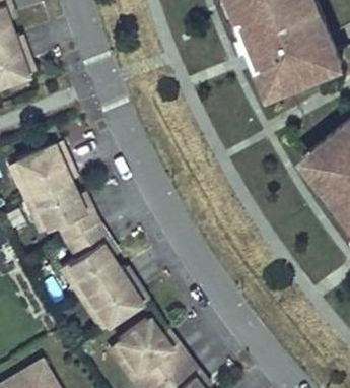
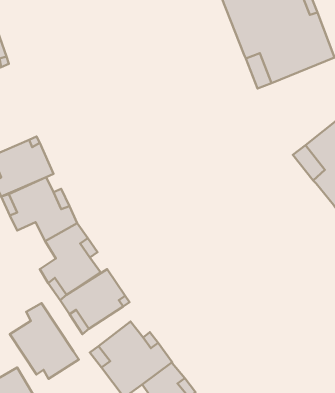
building: none -> [10,303,79,379]

